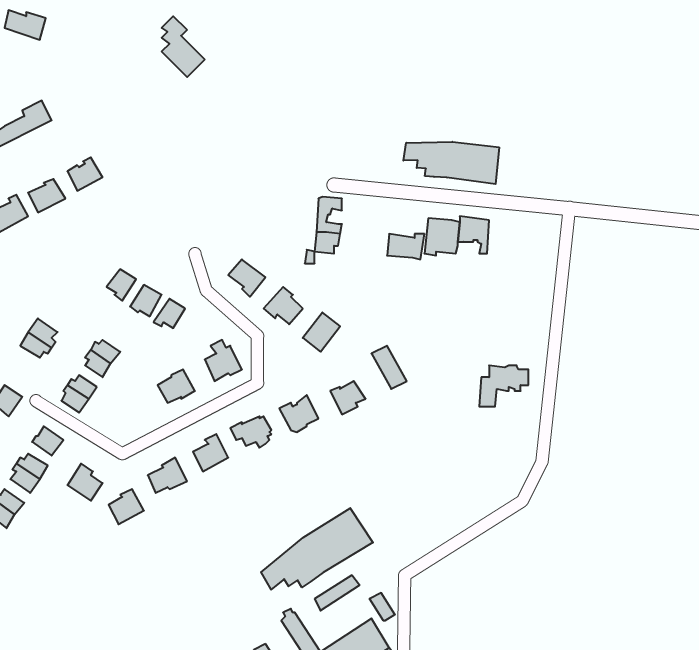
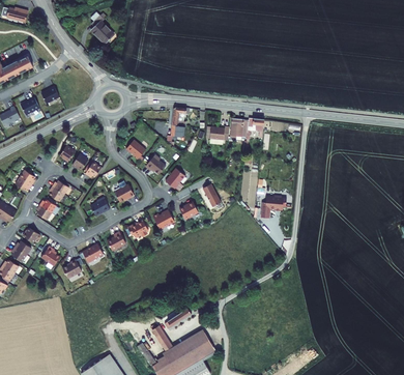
building: [403,142,499,184] -> none
building: [261,508,373,590] -> none

